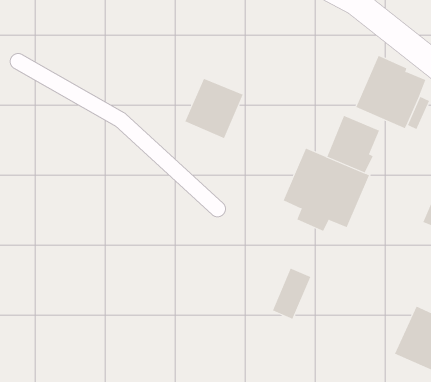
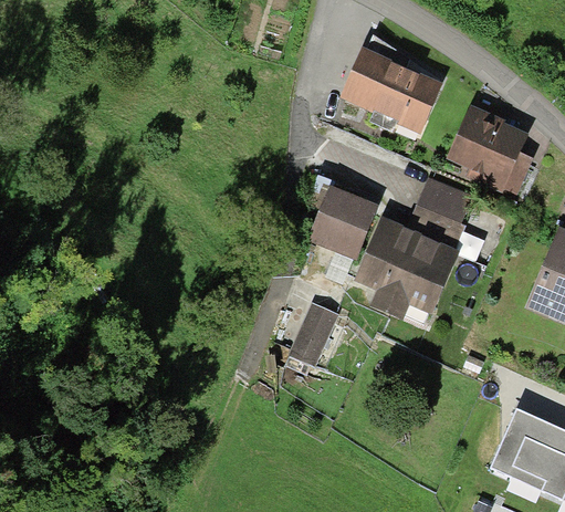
building: none -> [339,45,443,134]
building: [185,78,244,139] -> [307,186,379,260]
building: [272,268,311,319] -> [289,303,336,366]

